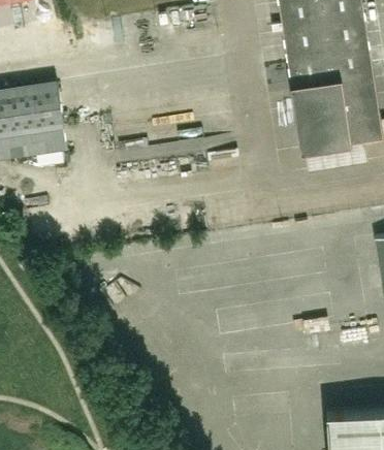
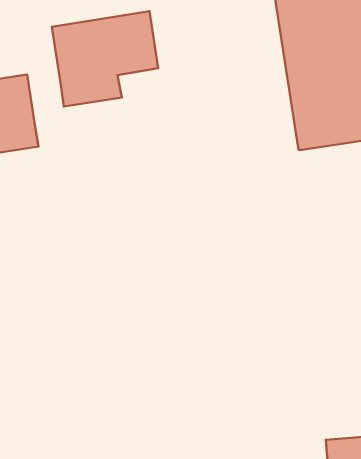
building: none -> [52,11,158,107]

